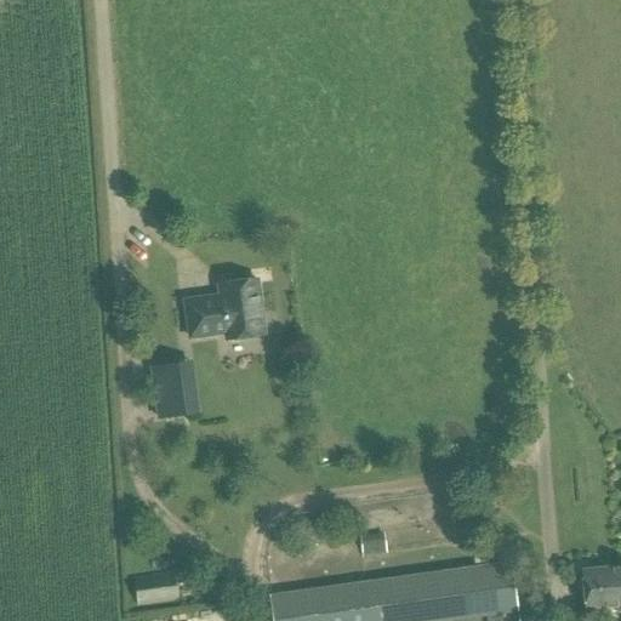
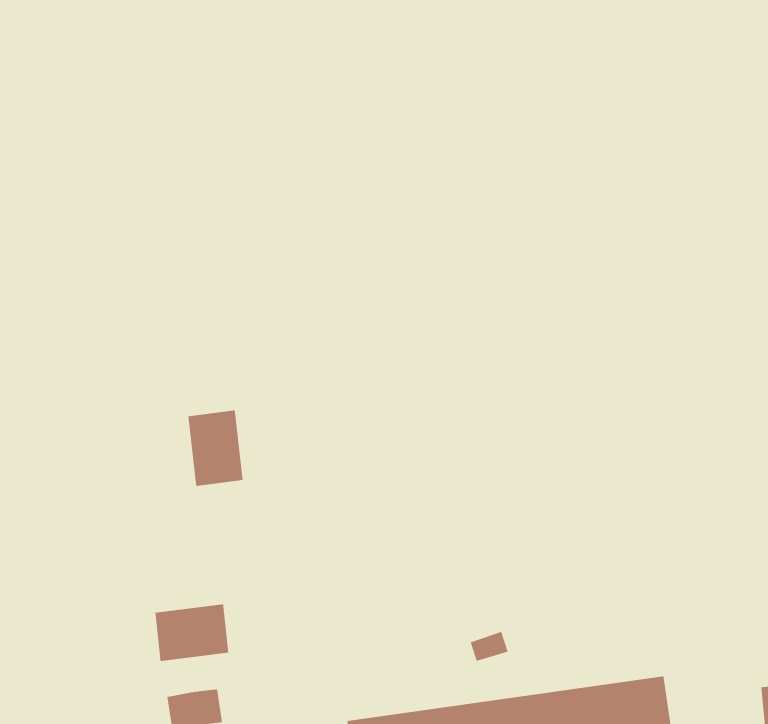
building: [186,279,266,338] -> none
building: none -> [155,604,229,662]

